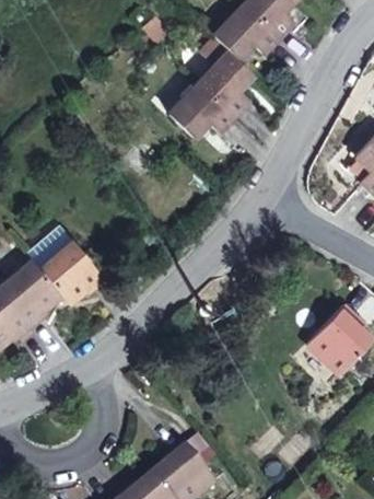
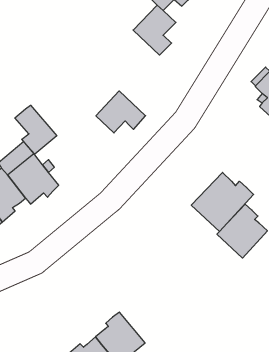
building: [170,83,233,137] -> [96,91,146,133]
building: none -> [15,105,57,154]
building: none -> [191,172,254,232]

